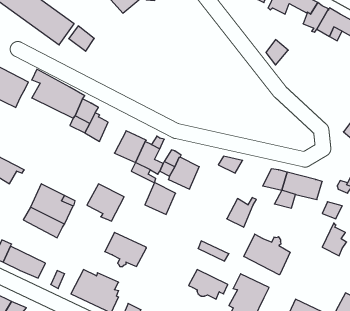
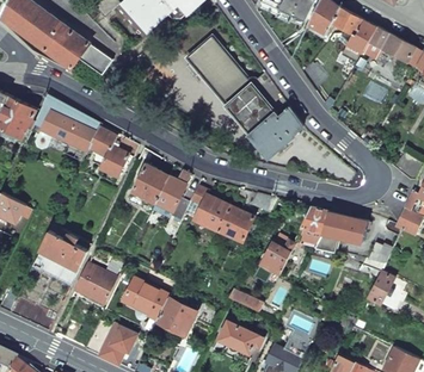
building: none -> [185,37,303,157]
building: [145,183,176,214] -> [219,205,253,241]
building: [87,184,124,221] -> [75,264,117,305]
building: [244,234,290,275] -> none
building: none -> [159,297,196,331]

